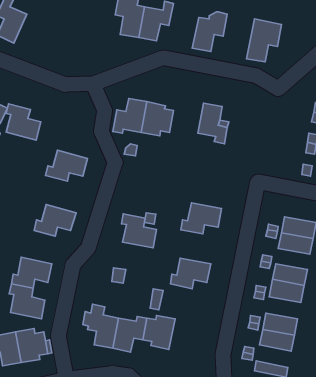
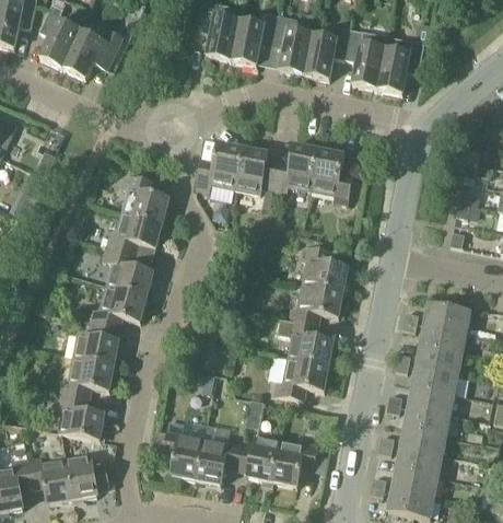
building: none -> [271,14,312,74]
building: none -> [62,28,121,78]
building: none -> [344,28,387,89]
building: none -> [272,143,318,191]
building: [6,104,41,140] -> [121,174,168,223]
building: none -> [300,245,348,291]
building: none -> [102,246,153,297]
building: [122,214,156,248] -> [285,319,332,365]
building: none -> [72,321,118,365]
building: none -> [416,345,461,373]
building: none -> [402,410,449,440]
building: none -> [271,438,318,486]
building: none -> [389,475,436,505]

